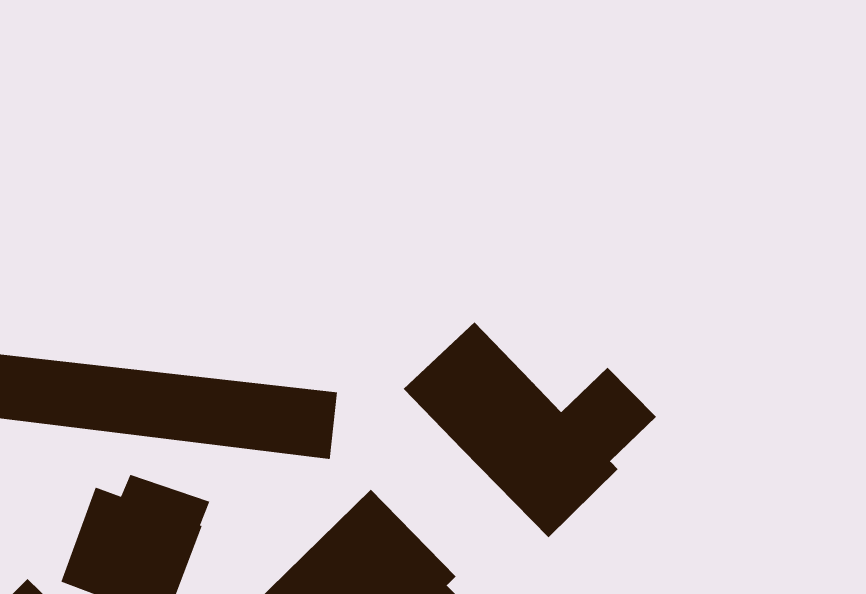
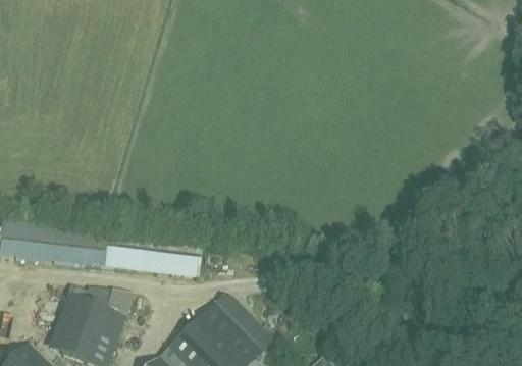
building: [403,321,657,538] -> none

